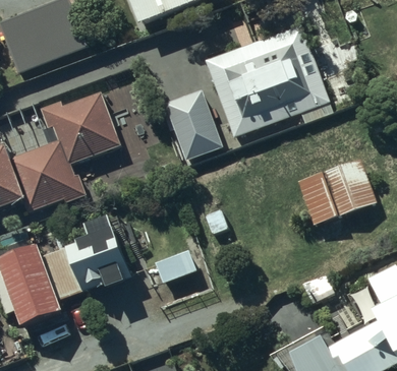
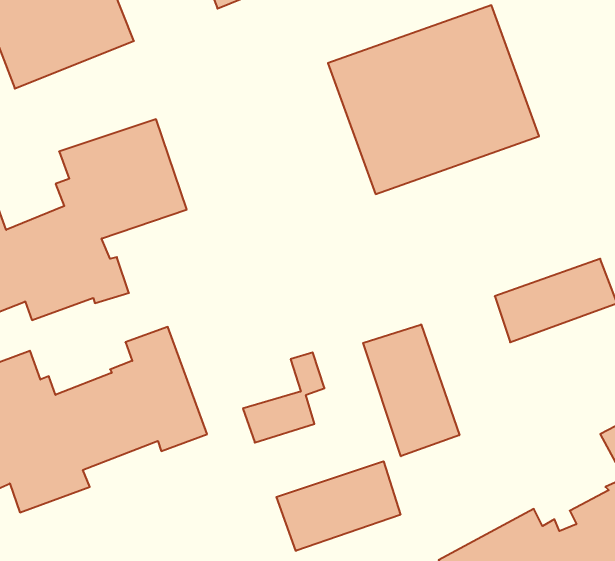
building: [163,89,223,162] -> none
building: none -> [363,324,459,456]
building: none -> [276,461,400,551]

